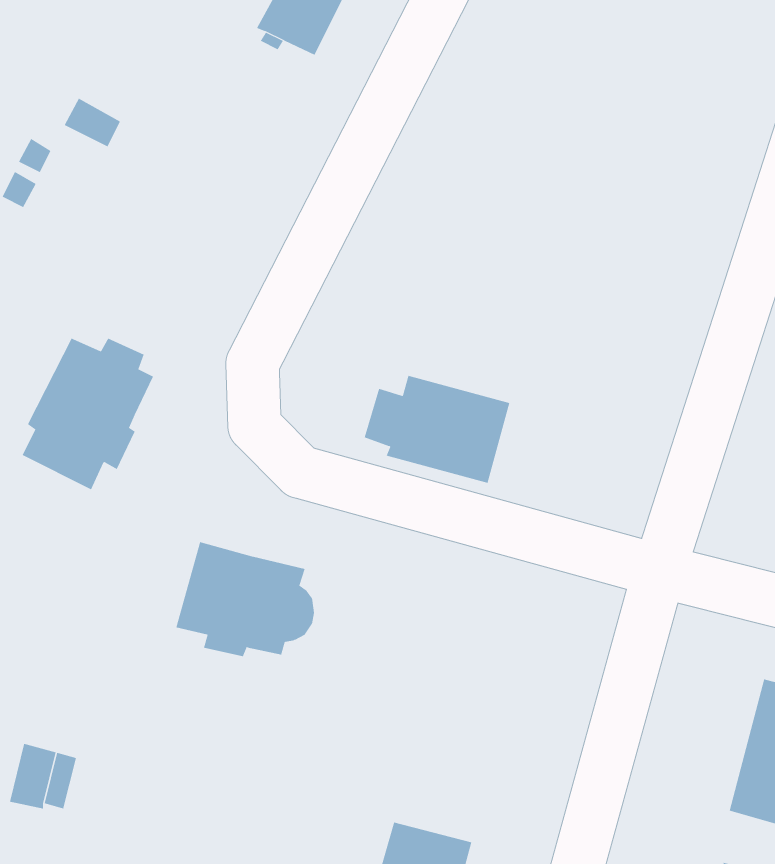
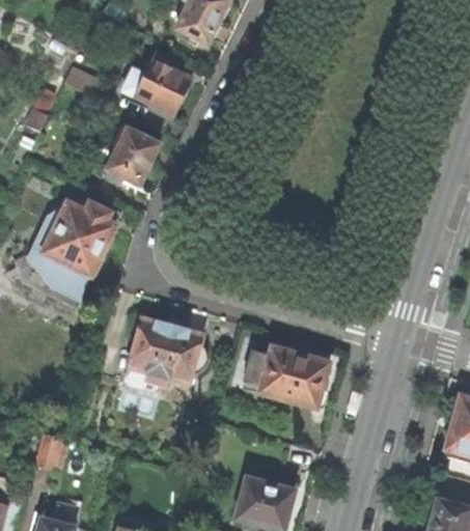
building: none -> [122,51,190,112]
building: none -> [105,123,159,181]
building: [364,375,510,483] -> [245,345,328,407]

